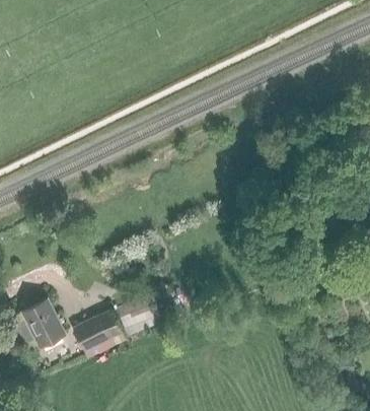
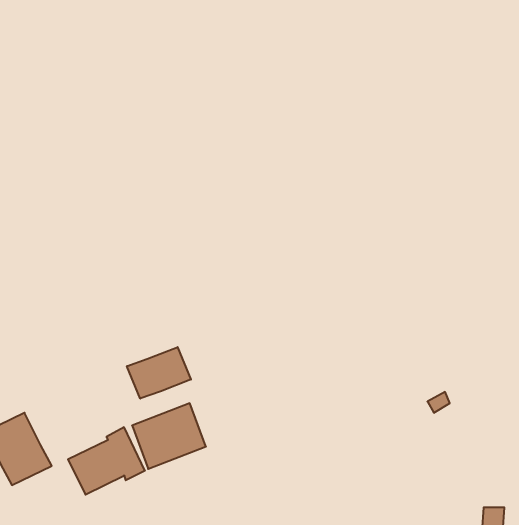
building: none -> [127,347,191,399]

